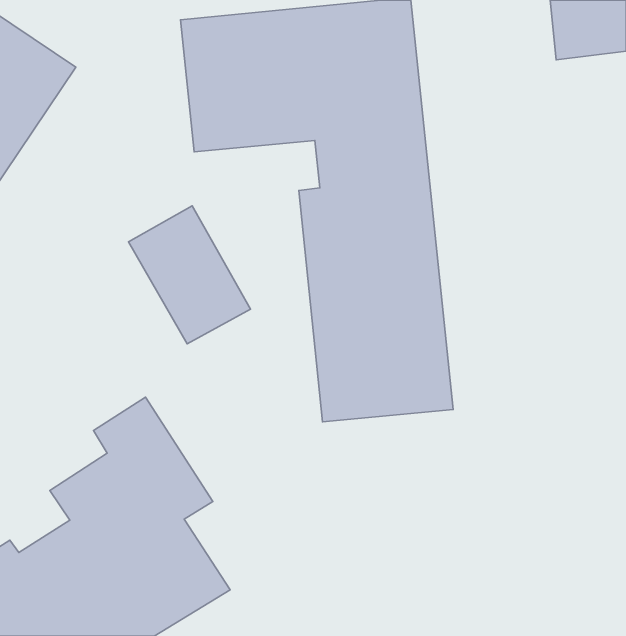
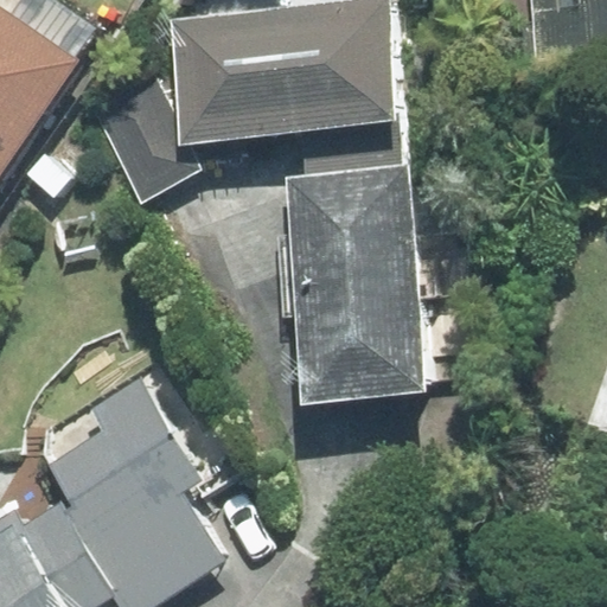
building: [129,206,251,344] -> [82,72,198,204]

